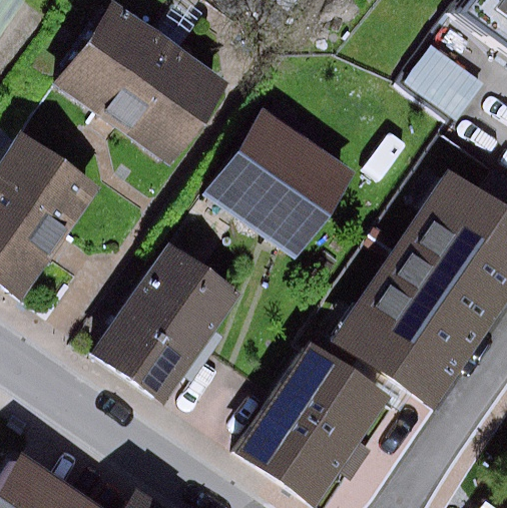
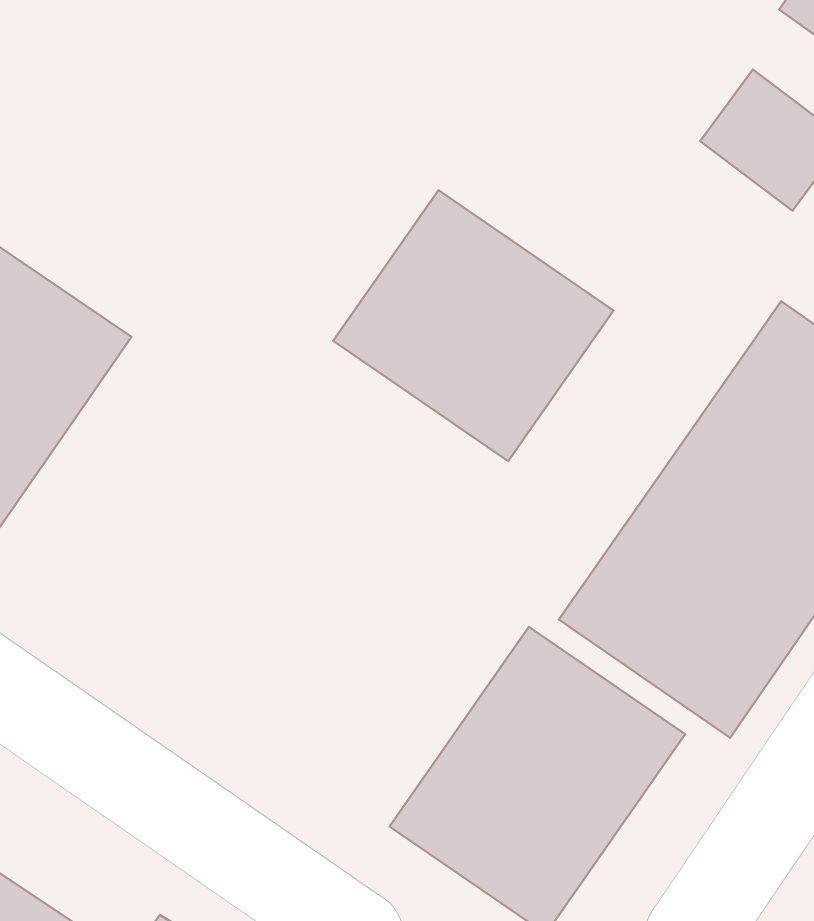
building: [71,15,227,162] -> none
building: [97,244,246,404] -> none

